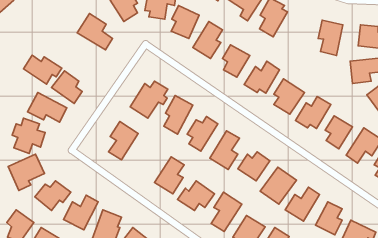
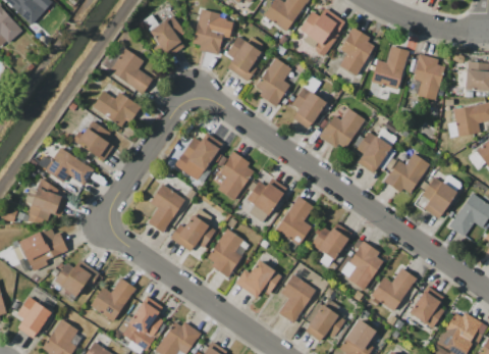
building: none -> [371,45,408,89]
building: [23,55,62,84] -> [92,90,141,127]
building: none -> [170,207,215,251]

